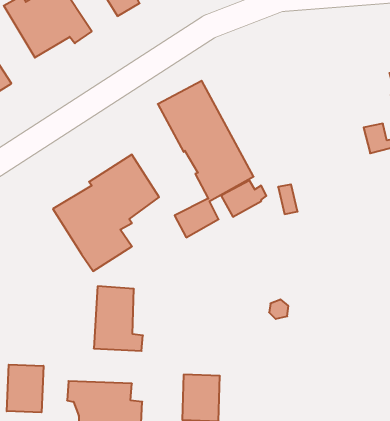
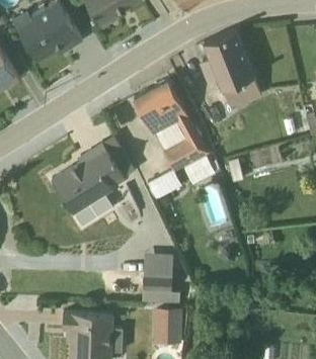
building: none -> [201,30,260,106]
building: [94,286,143,351] -> [142,253,180,303]
building: [7,365,43,412] -> none

